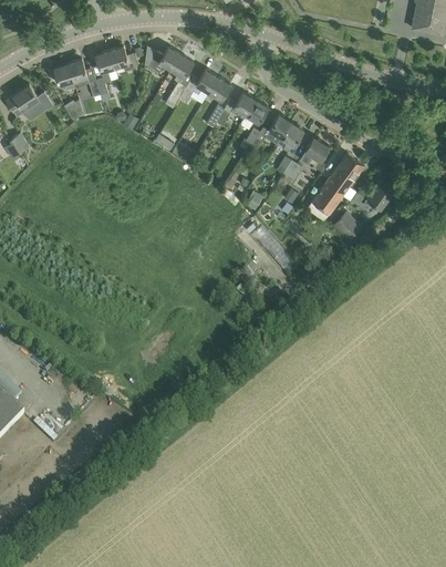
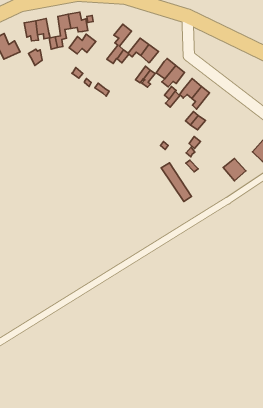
building: [147,45,180,72] -> [69,34,96,54]
building: [299,136,328,167] -> none
building: [312,152,363,212] -> none

